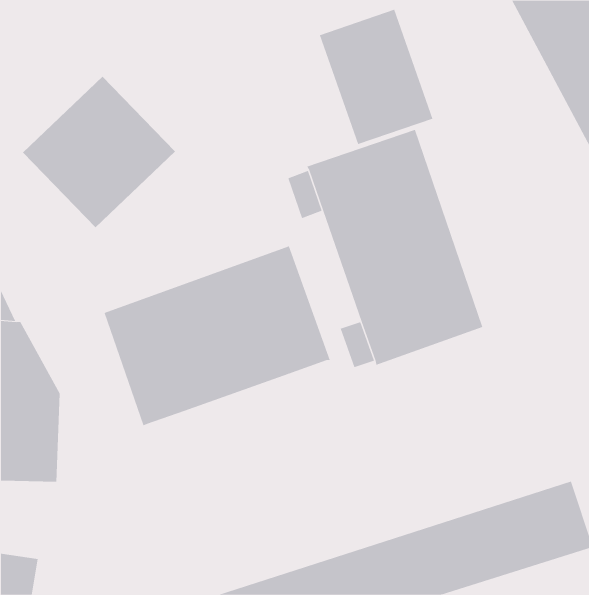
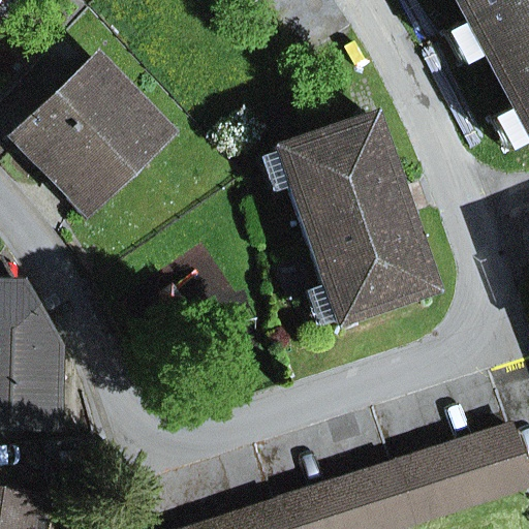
building: [319,9,433,145] -> none
building: [104,246,331,426] -> none

